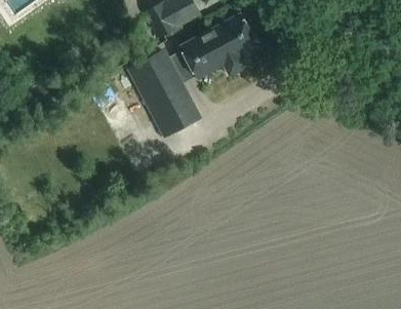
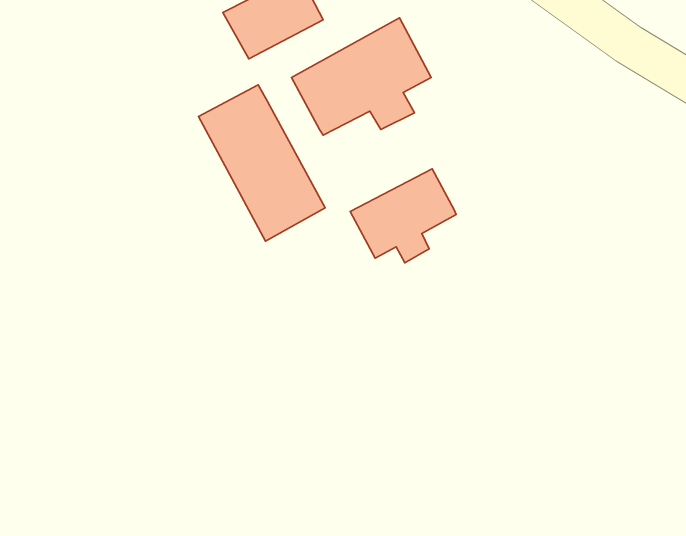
building: none -> [350,169,456,263]

